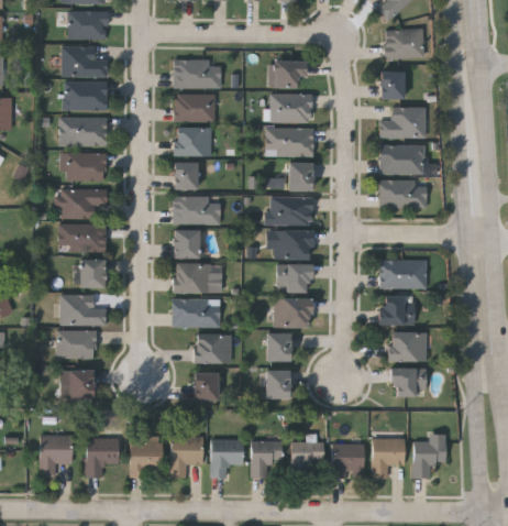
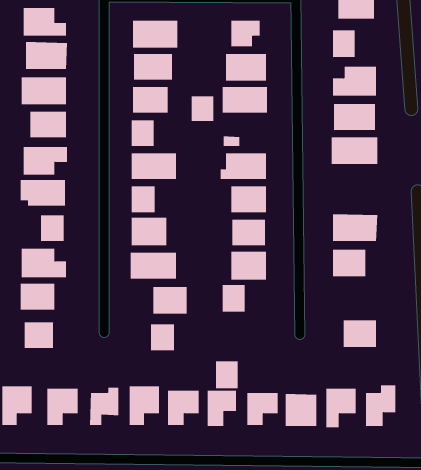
building: [288,163,312,189] -> [191,96,214,121]
building: [388,331,427,361] -> none
building: [266,370,290,398] -> [215,361,239,389]

